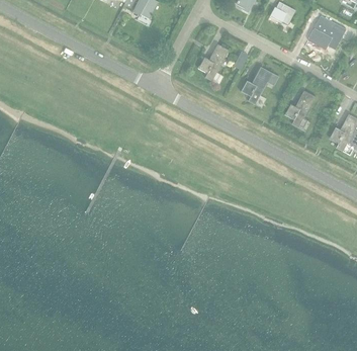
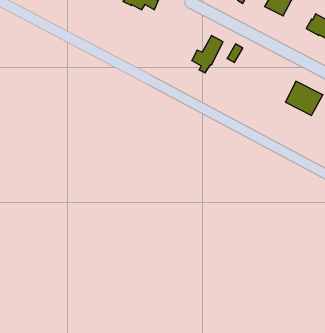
building: [240,67,277,103] -> none

